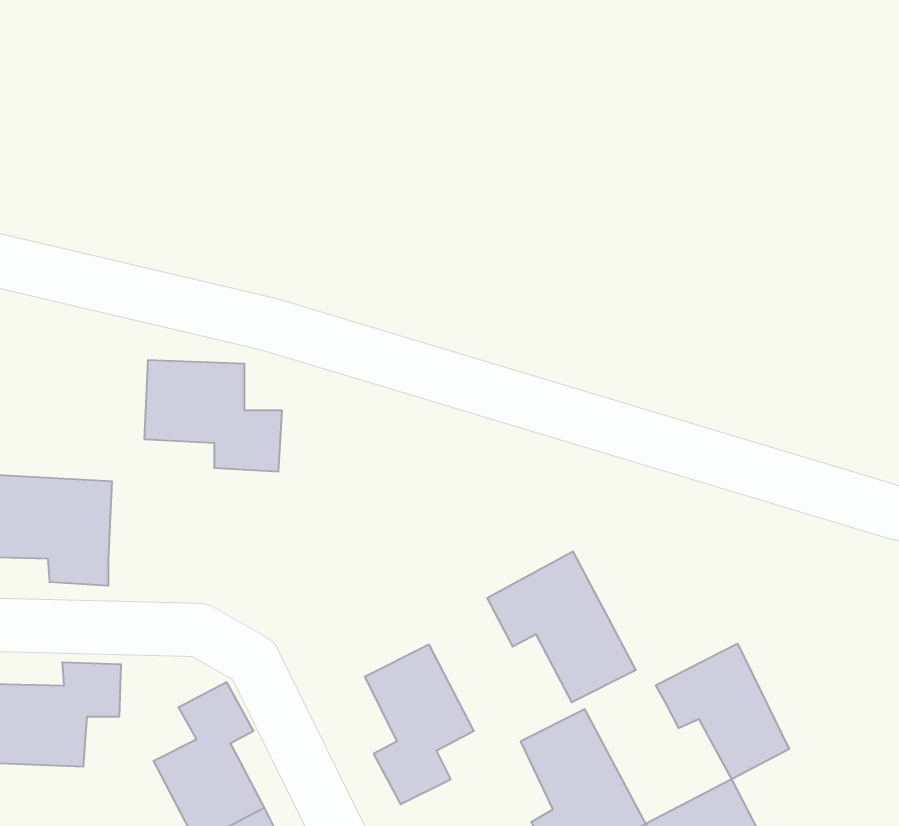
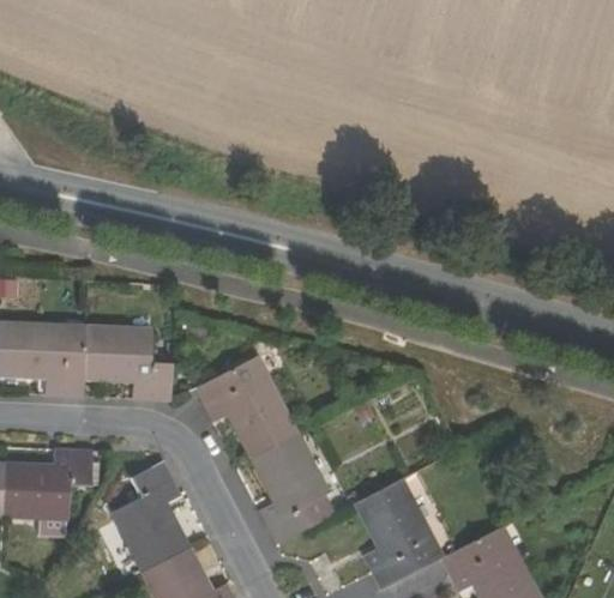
building: [144,360,282,471] -> [83,327,175,401]
building: [487,552,636,702] -> [198,357,297,458]
building: [656,644,789,779] -> none

